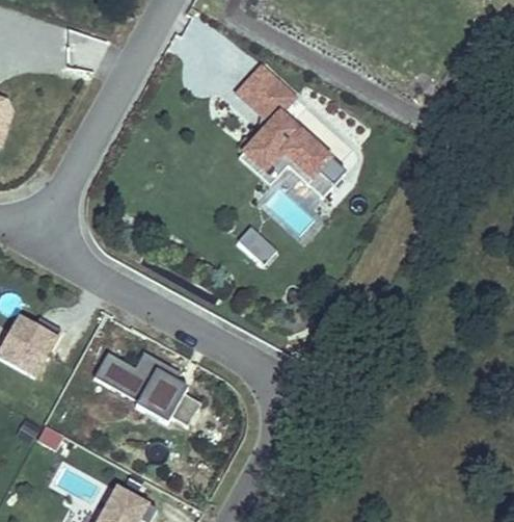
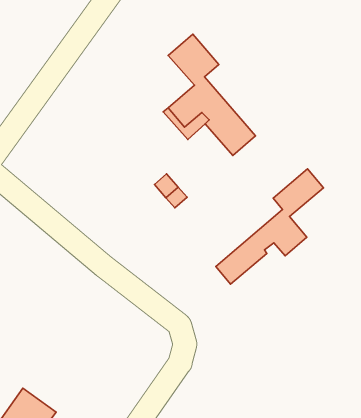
building: none -> [216,169,324,284]
building: [92,349,199,424] -> none

